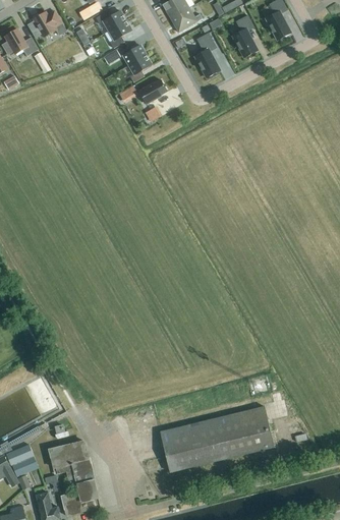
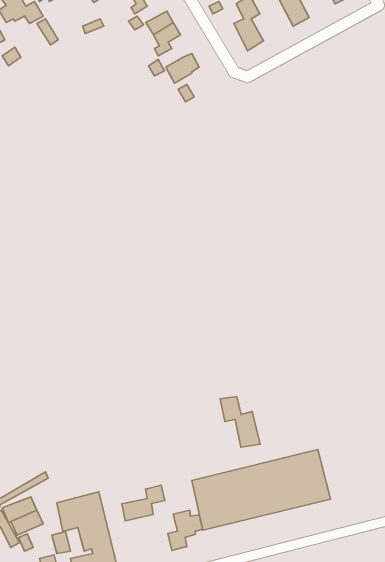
building: none -> [220,397,260,447]
building: none -> [122,485,165,521]
building: none -> [168,510,203,551]

